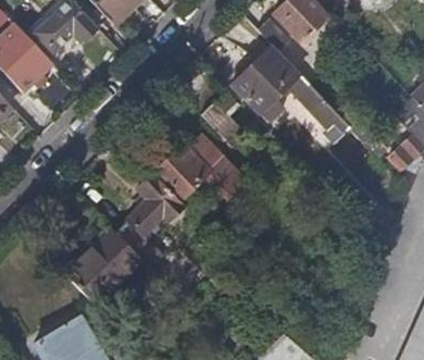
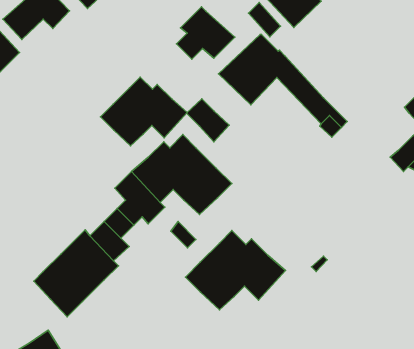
building: none -> [177,7,235,59]
building: none -> [100,77,187,146]
building: none -> [185,231,285,310]

